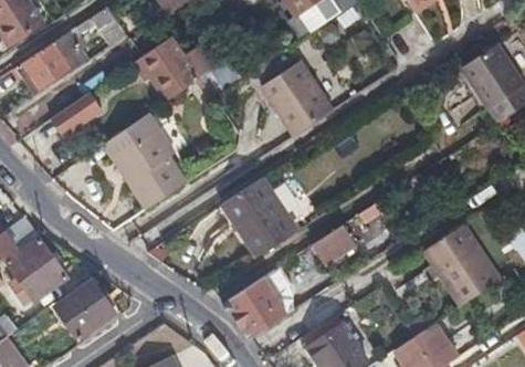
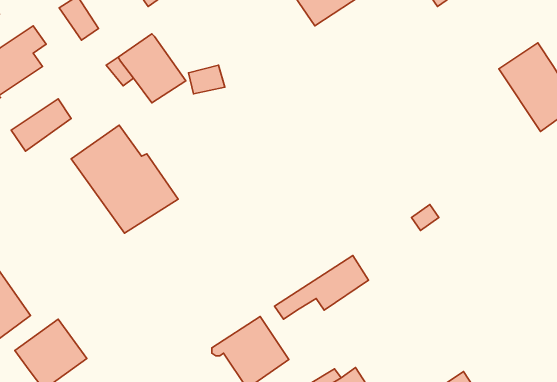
building: [260,61,333,136] -> none
building: [221,175,297,258] -> none
building: [424,224,501,306] -> none

